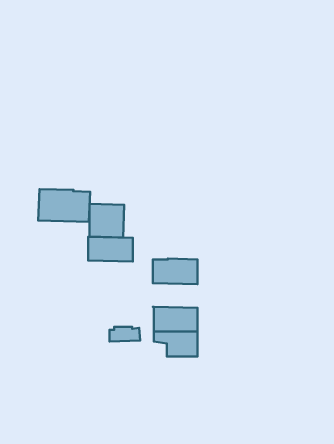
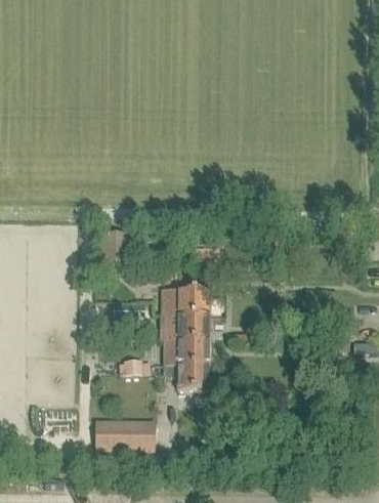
building: [38,189,90,222] -> none
building: [88,237,133,262] -> [163,315,209,340]
building: none -> [95,419,156,451]

